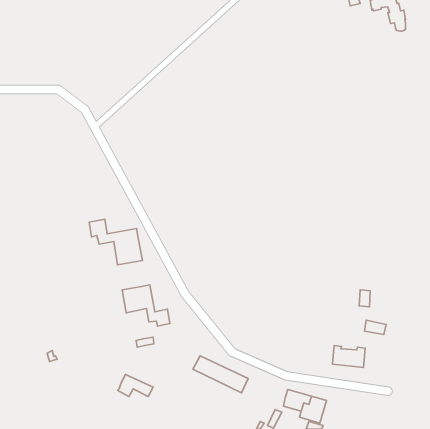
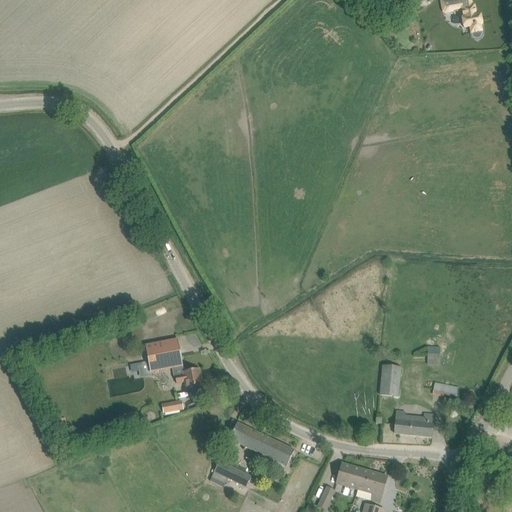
building: [89,219,142,265] -> none
building: none -> [379,363,401,395]
building: [118,375,153,396] -> [210,460,252,486]

